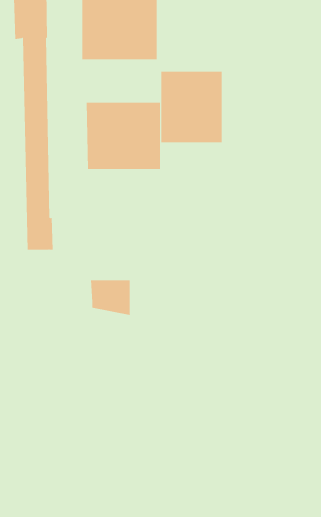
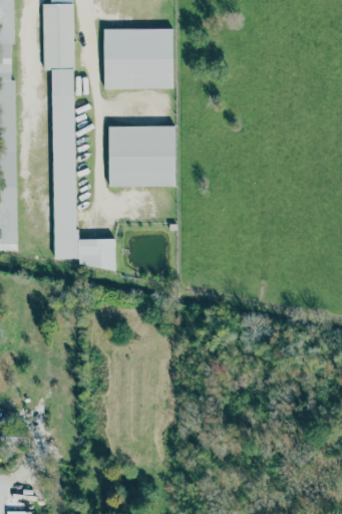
building: [161,71,222,143] -> none
building: [90,280,131,316] -> [78,238,114,270]

